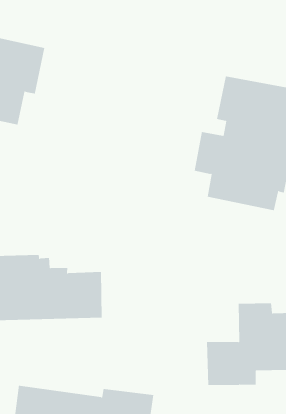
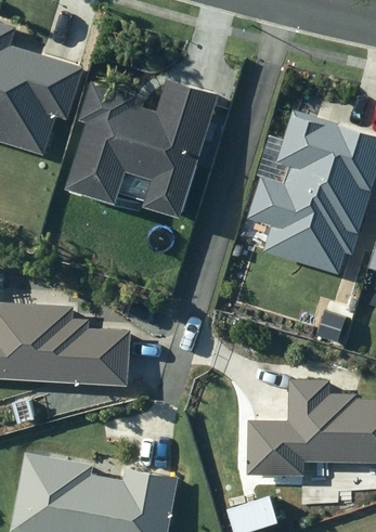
building: none -> [69,81,218,216]

